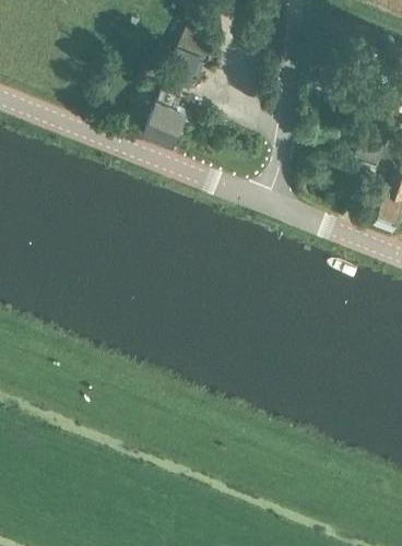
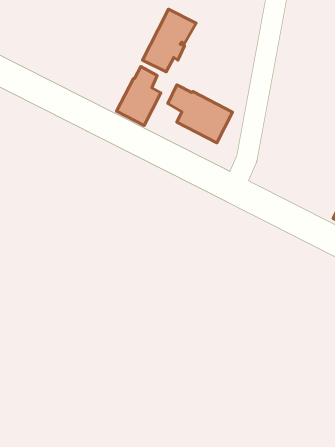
building: none -> [168,85,232,143]

